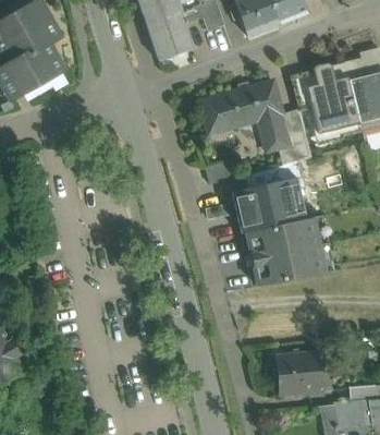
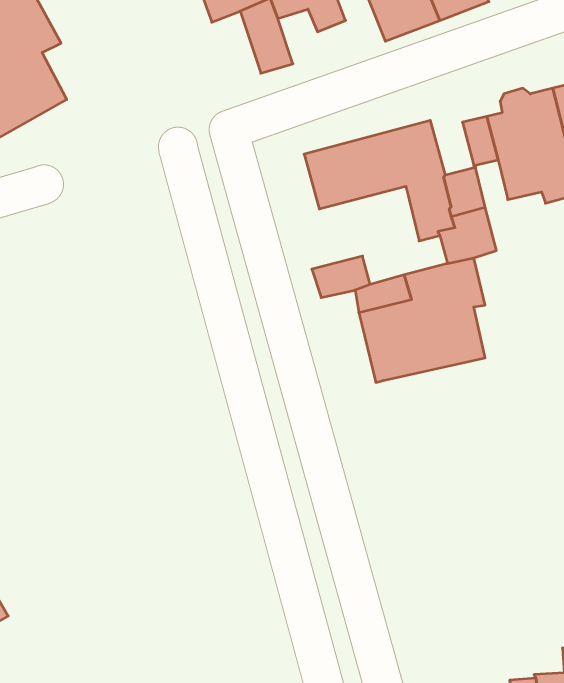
building: [146,19,174,60] -> none
building: [245,215,333,286] -> none
building: [274,352,322,395] -> none

